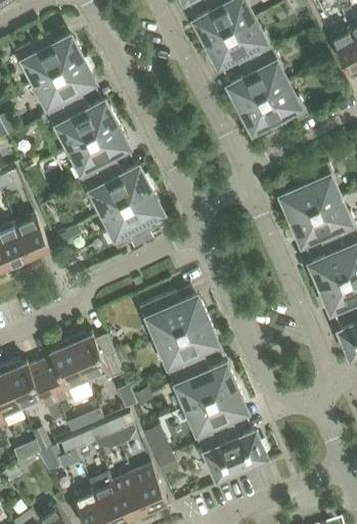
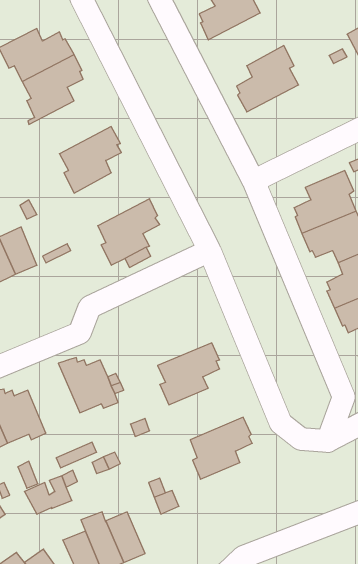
building: [205,19,273,68] -> none
building: [239,85,308,134] -> none
building: [42,99,117,147] -> none
building: [83,165,151,213] -> none
building: [139,292,208,340] -> none
building: [41,338,88,401] -> none
building: [169,360,236,407] -> none
building: [197,428,267,476] -> none
building: [131,465,167,511] -> none

